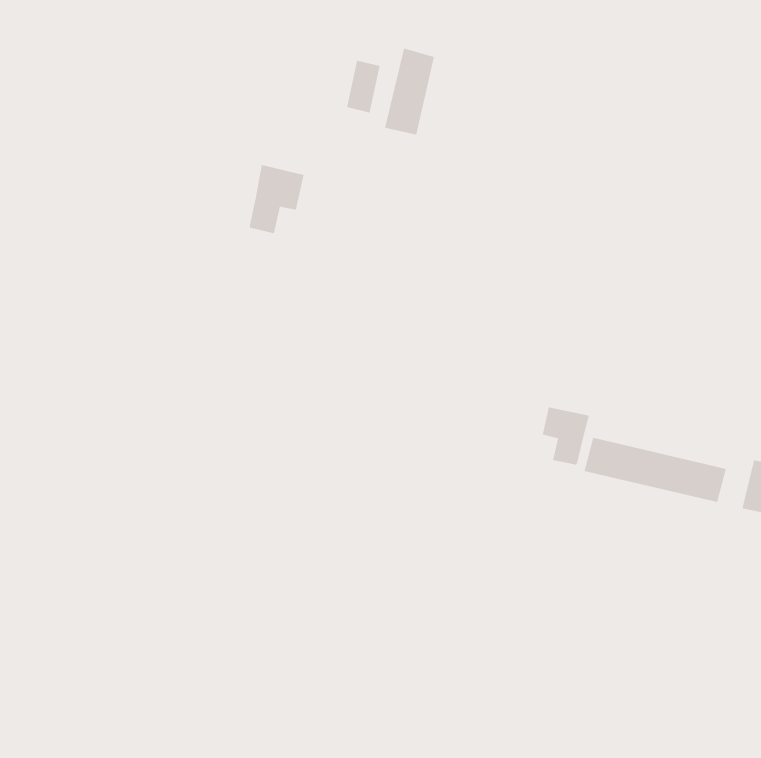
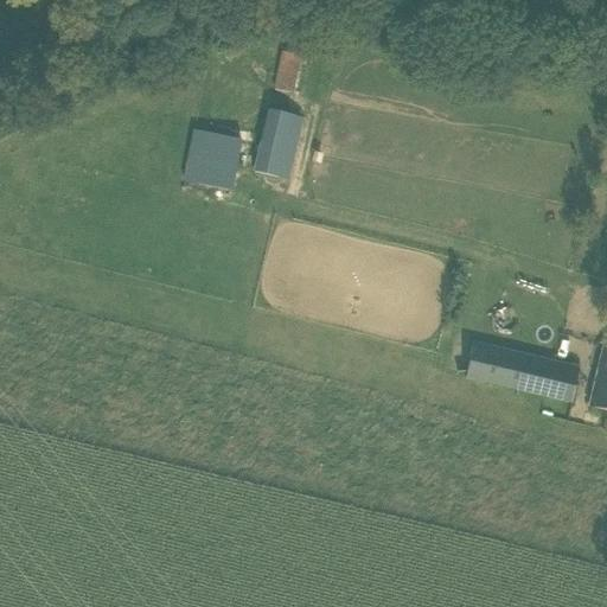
building: [384,48,435,136] -> [254,106,294,175]
building: [542,406,590,466] -> none

